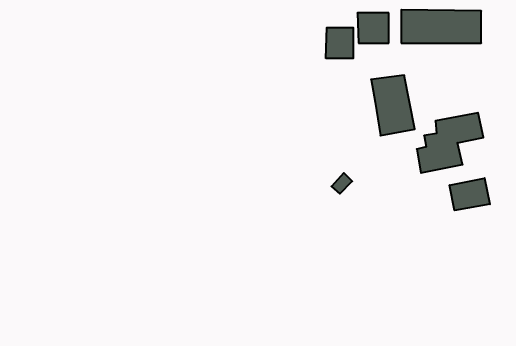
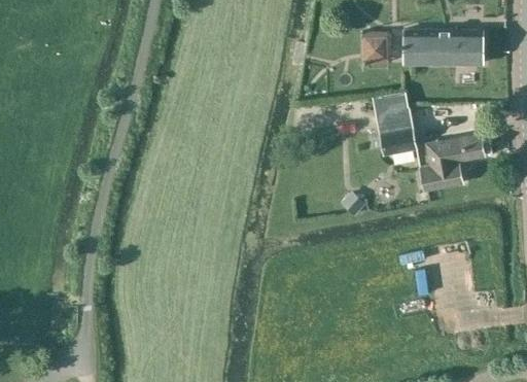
building: [326,28,353,58] -> none
building: [450,178,490,210] -> none

